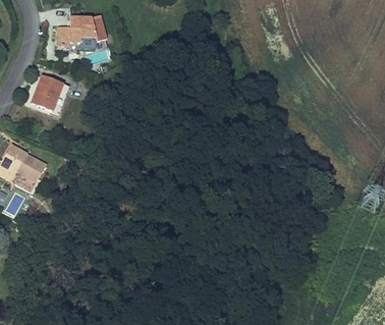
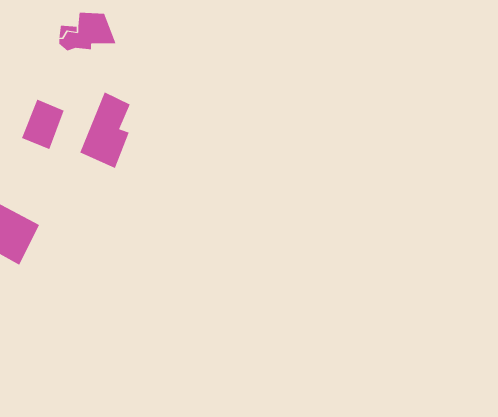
building: none -> [79,92,131,169]

